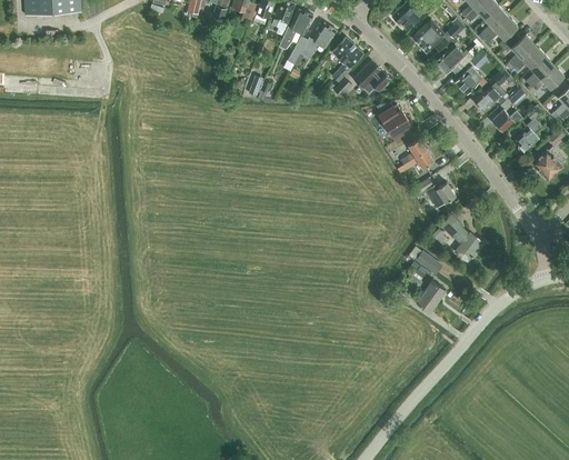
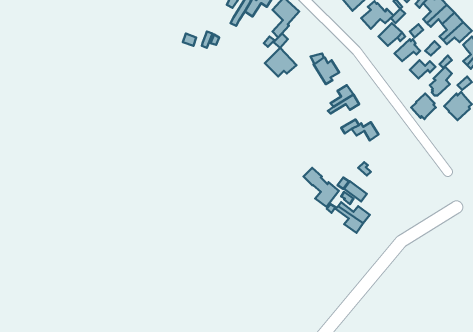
building: [353,60,390,93] -> [265,48,296,76]
building: none -> [411,94,436,119]
building: [441,216,482,261] -> [304,168,339,207]

